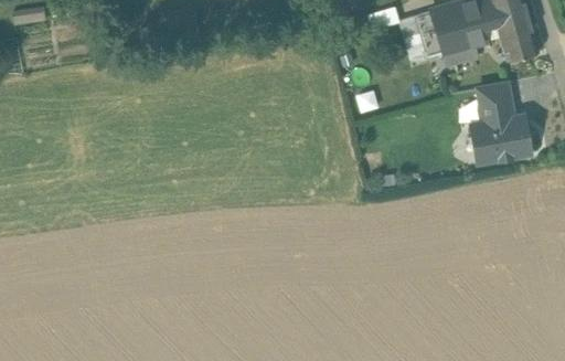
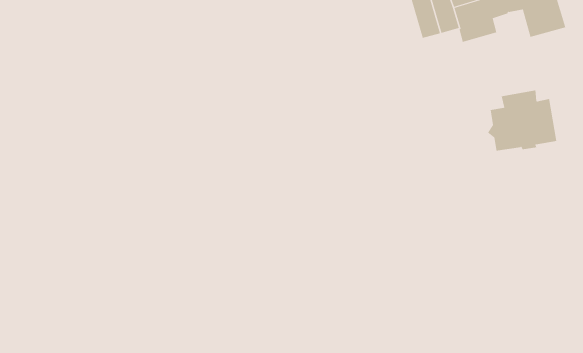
building: [477,82,512,112] -> none

